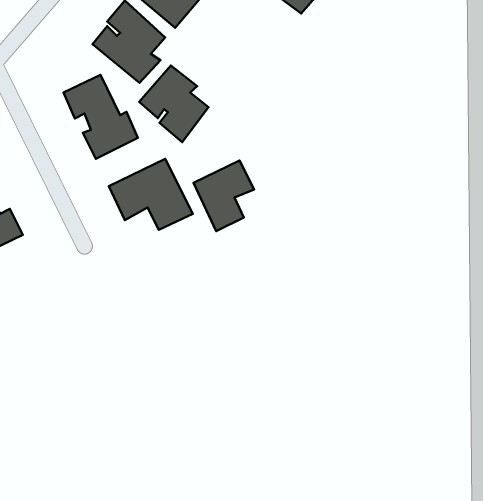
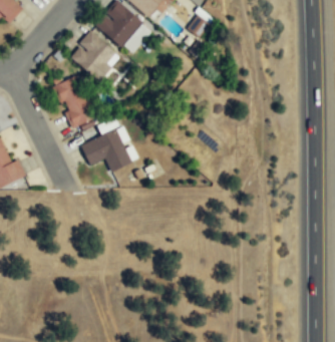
building: [139,66,208,142] -> none
building: [193,160,254,231] -> none

